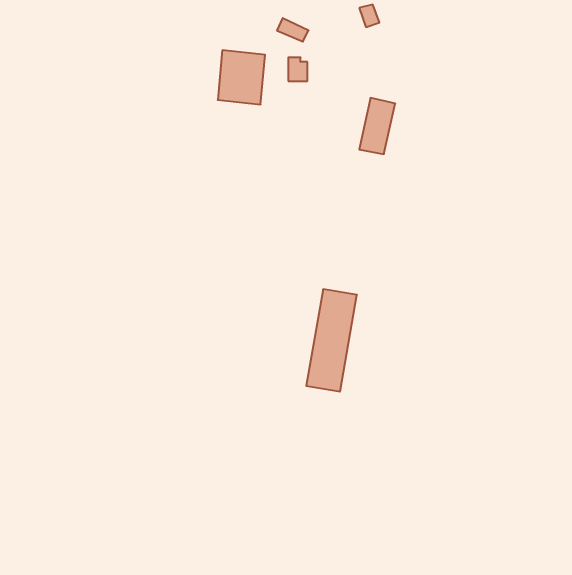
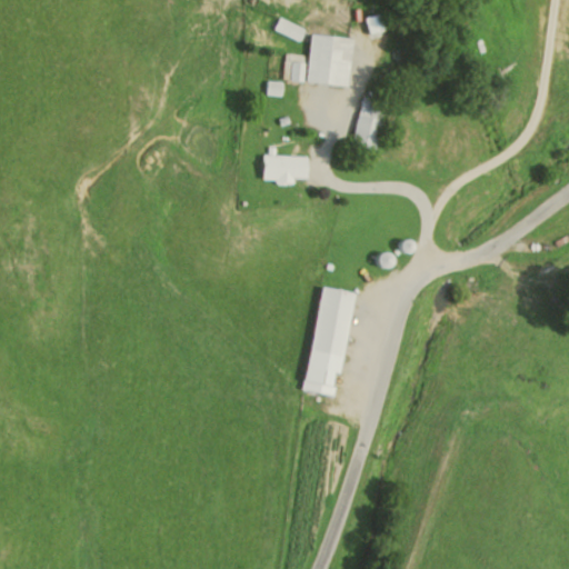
building: [218,50,265,104] -> [308,33,355,87]
building: none -> [263,156,311,182]

